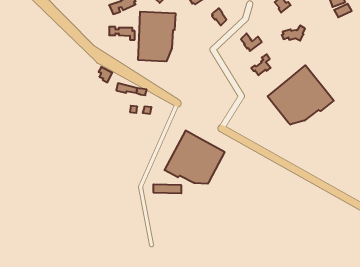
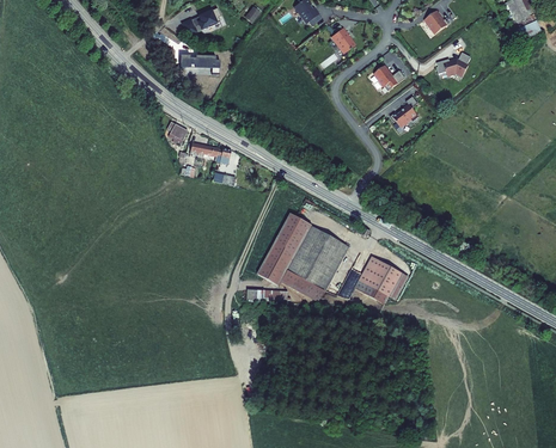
building: [138,12,175,61] -> none
building: [268,65,334,125] -> none
building: none -> [354,254,409,295]

